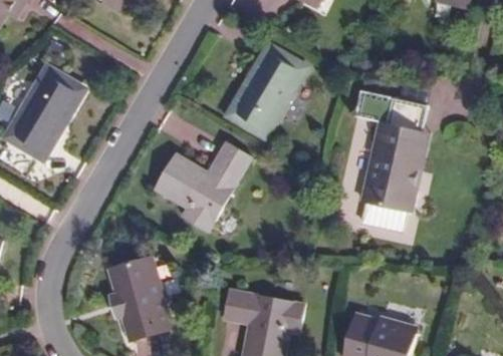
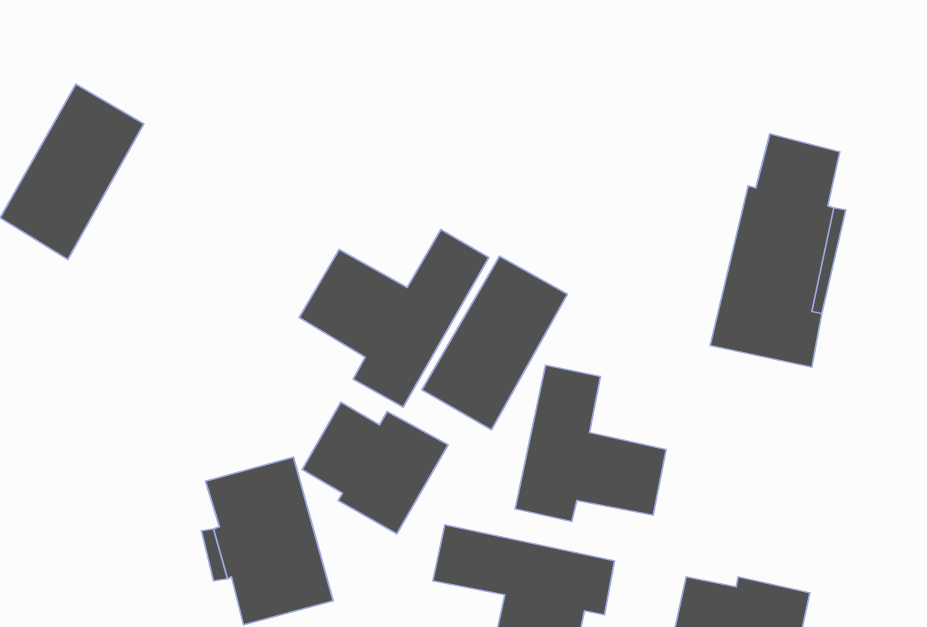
building: [231,45,304,132] -> [422,256,567,430]
building: none -> [515,365,666,521]
building: none -> [302,402,448,534]

